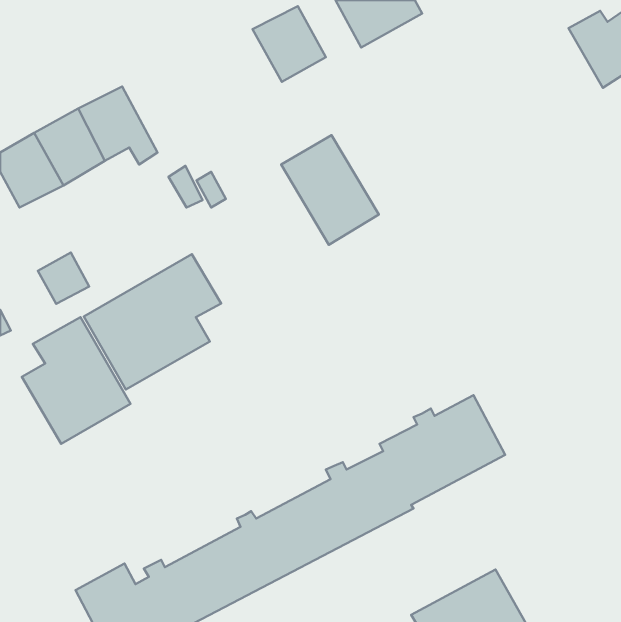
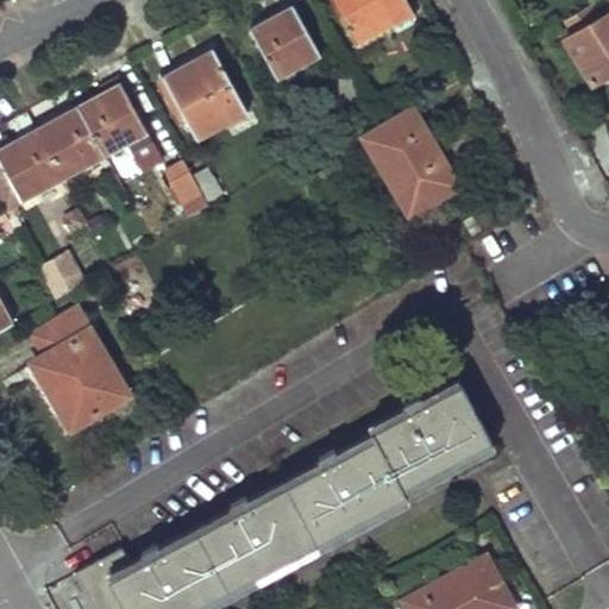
building: none -> [163,51,247,140]
building: [281,135,379,245] -> [364,111,459,218]
building: [84,254,221,390] -> none

